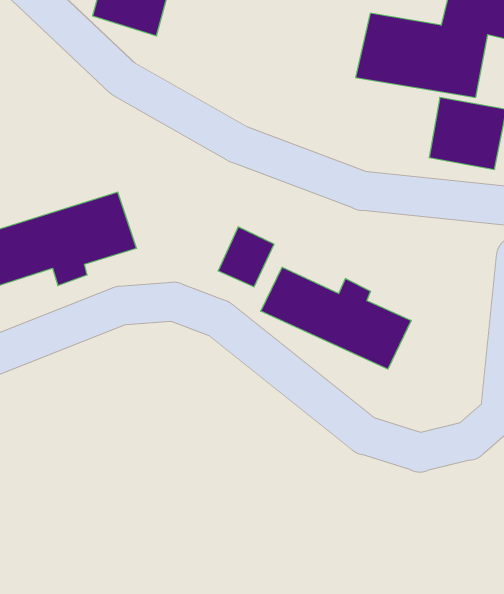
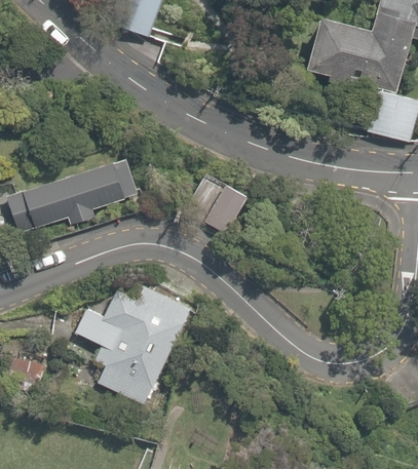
building: [261,267,411,369] -> none
building: none -> [73,286,195,405]

